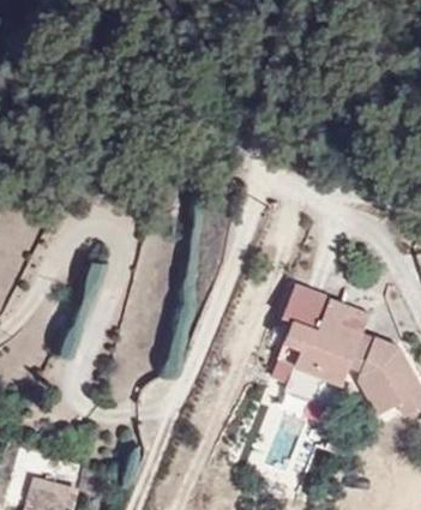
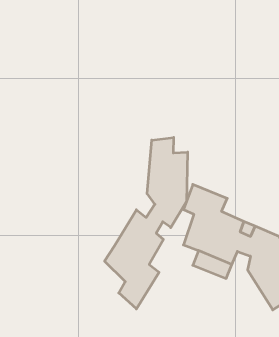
building: none -> [105,137,188,309]

